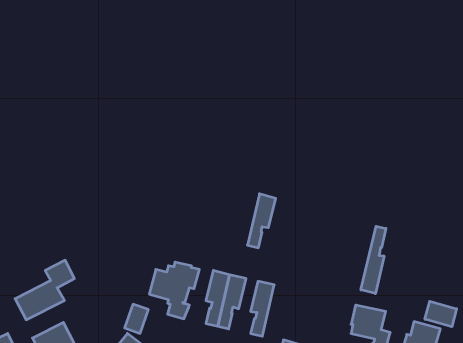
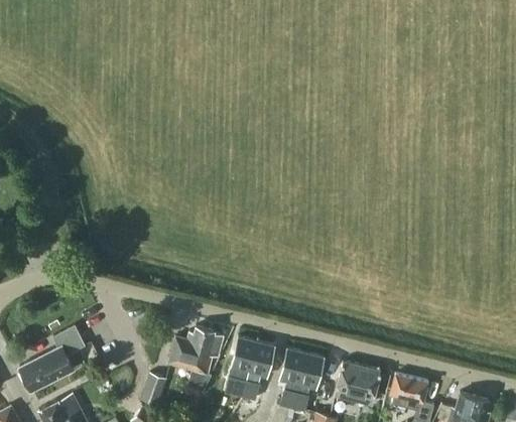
building: [247,194,276,248] -> [292,353,324,412]
building: [361,226,386,294] -> none
building: none -> [334,362,380,406]
building: [425,301,457,327] -> none

